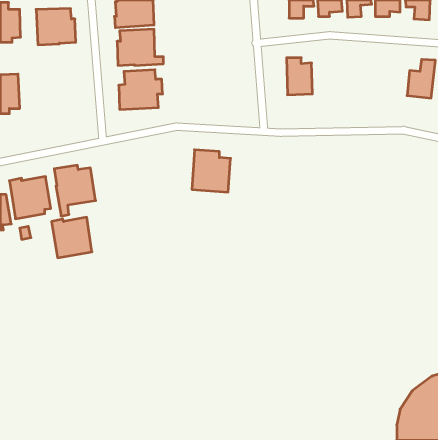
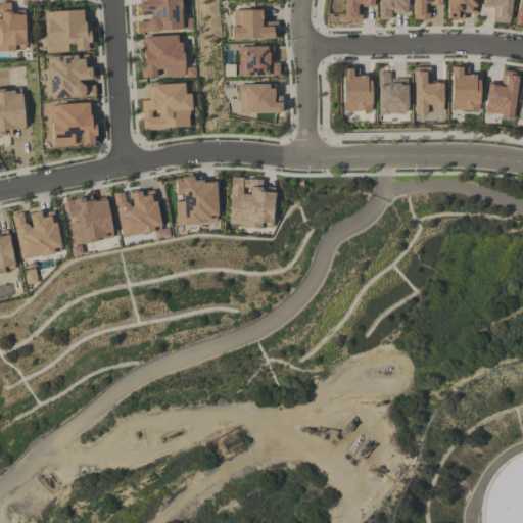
building: none -> [231,10,279,40]
building: none -> [238,46,280,76]
building: none -> [48,55,97,99]
building: none -> [451,66,481,110]
building: none -> [414,67,444,113]
building: none -> [378,73,409,114]
building: none -> [239,84,282,113]
building: none -> [52,103,98,145]
building: none -> [177,176,219,224]
building: [52,217,92,258] -> [114,189,162,237]

